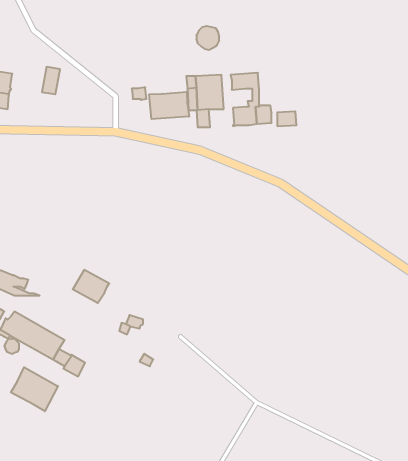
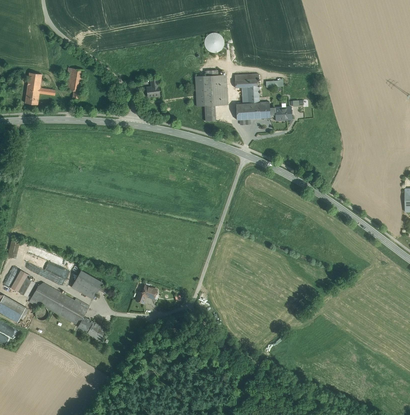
building: [149,92,189,119] -> none
building: [73,270,109,303] -> [70,270,102,299]
building: [11,367,58,411] -> none

